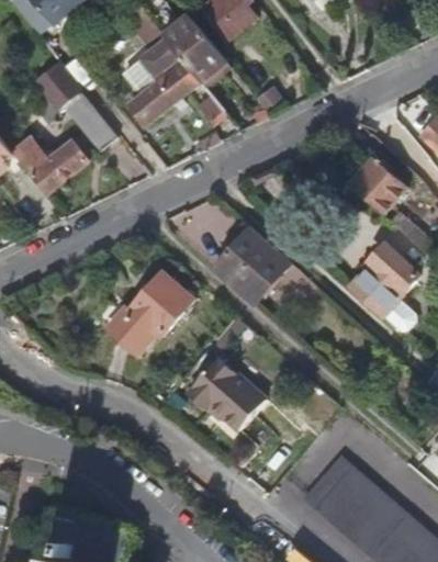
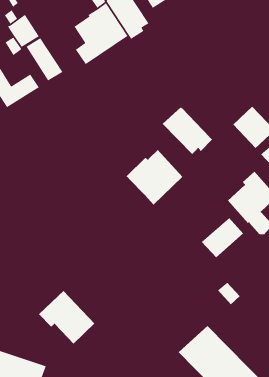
building: none -> [162,107,213,155]
building: [92,274,192,372] -> none
building: none -> [201,217,244,258]
building: [189,358,266,429] -> [38,290,95,344]

